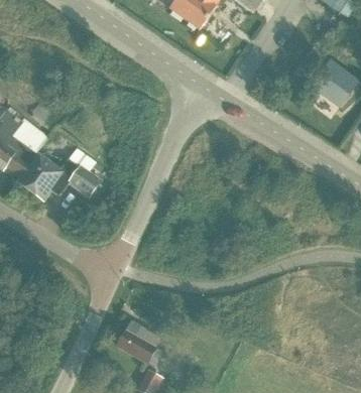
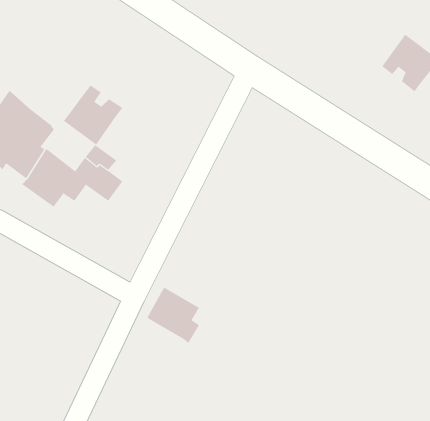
building: none -> [63,85,123,145]
building: [118,320,161,367] -> [147,287,200,344]

